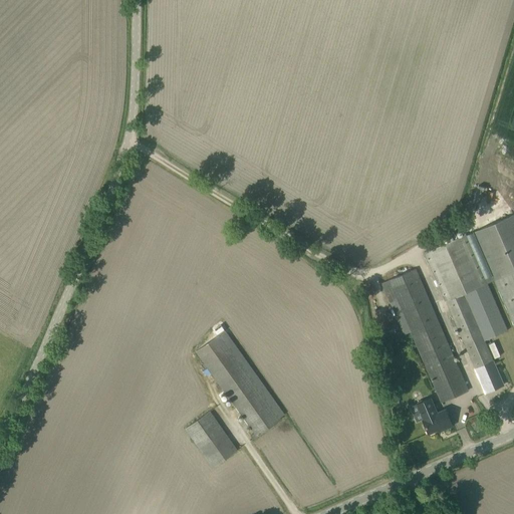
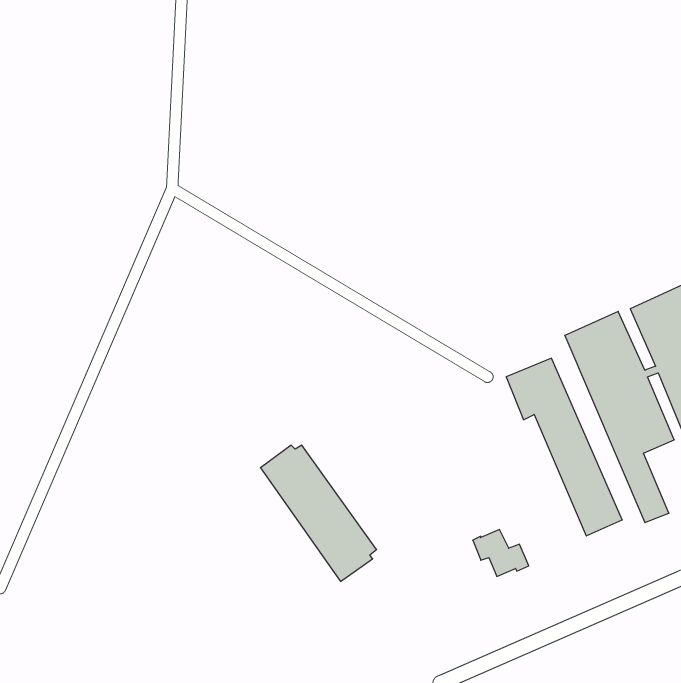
building: [411,399,453,434] -> [473,530,529,576]
building: [186,411,238,468] -> none

